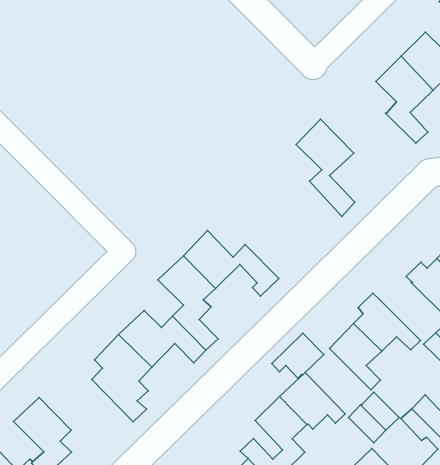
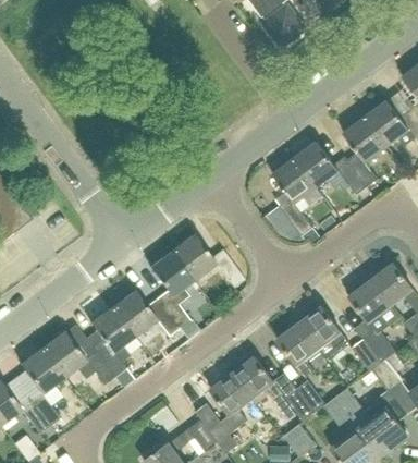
building: none -> [294,141,367,195]
building: [272,333,324,378] -> none
building: none -> [41,331,113,385]

